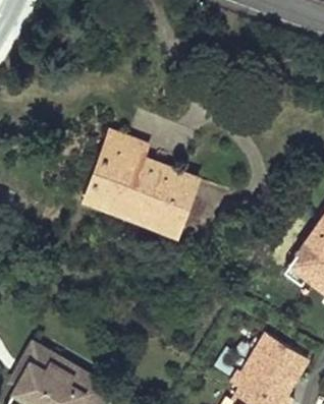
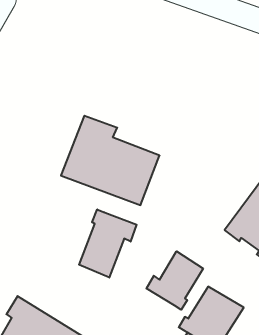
building: none -> [79,209,137,278]
building: none -> [146,251,203,310]

